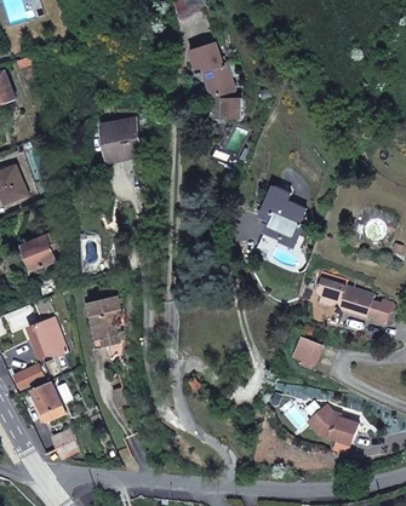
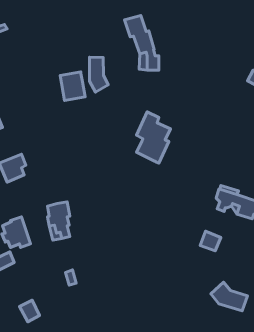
building: none -> [90,57,108,92]
building: [258,184,304,253] -> [136,112,171,163]
building: [32,383,63,420] -> none

